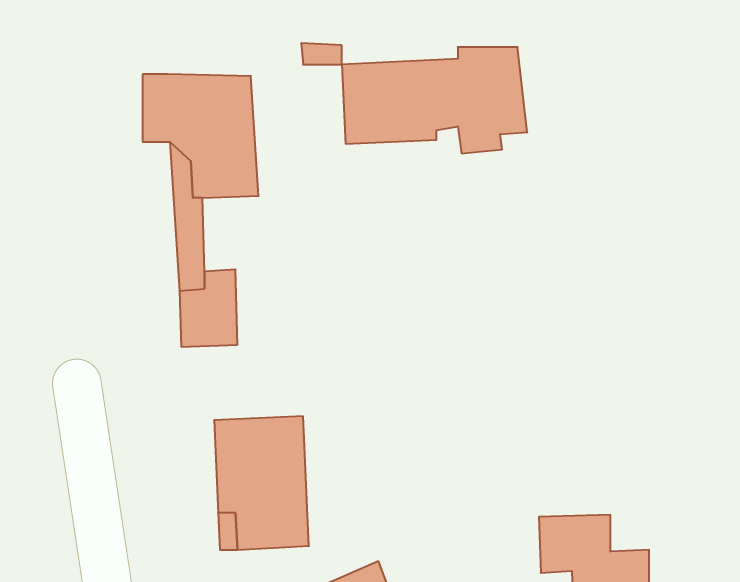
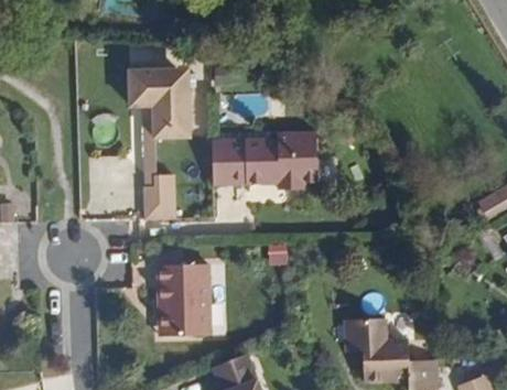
building: [342,47,527,153] -> [211,131,316,192]

